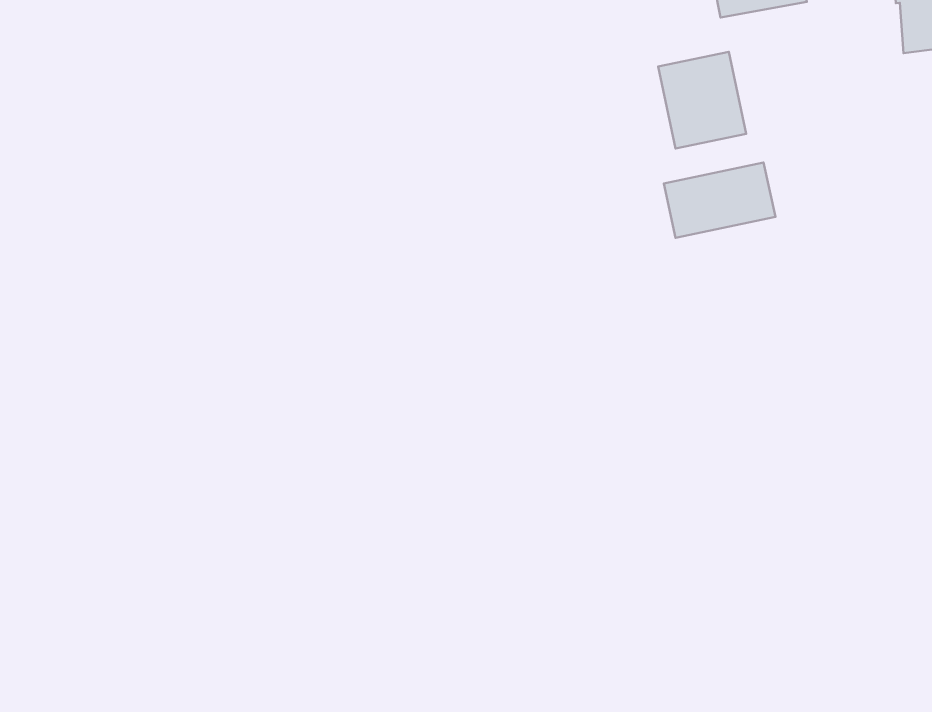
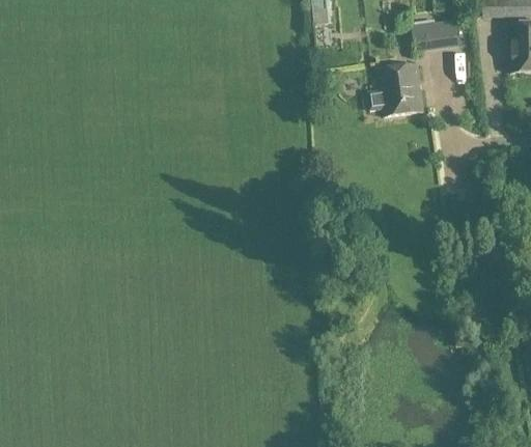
building: [664,162,775,238] -> none

